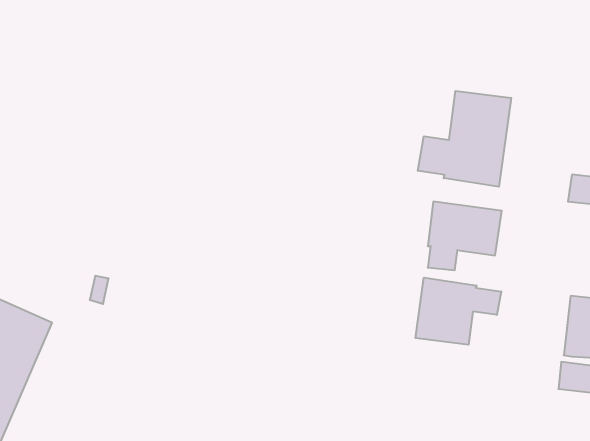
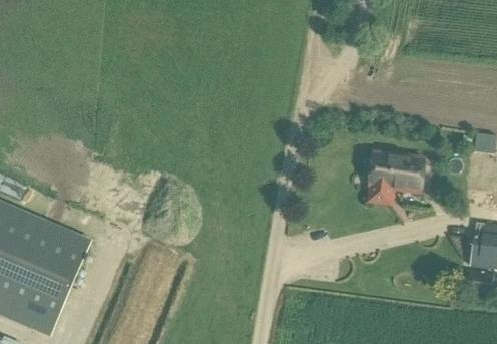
building: [418,91,511,187] -> none
building: [416,278,501,345] -> none

